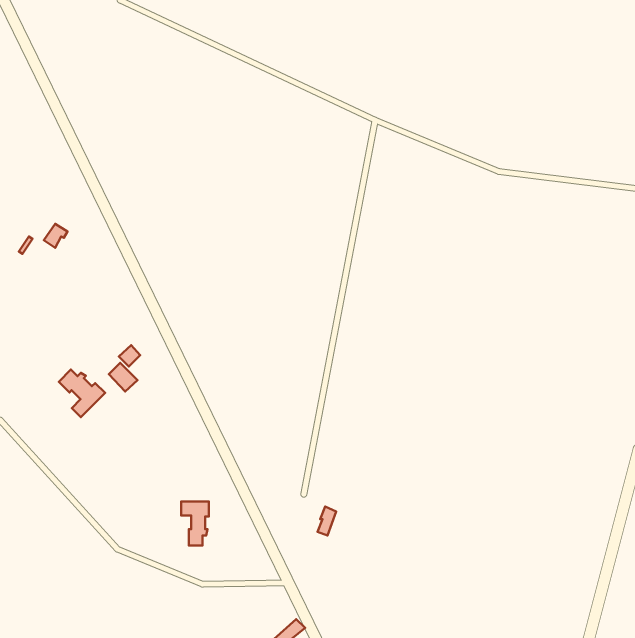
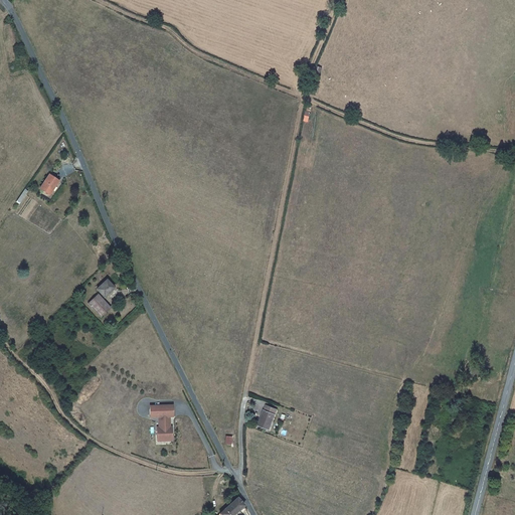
building: [59,370,105,417] -> none

